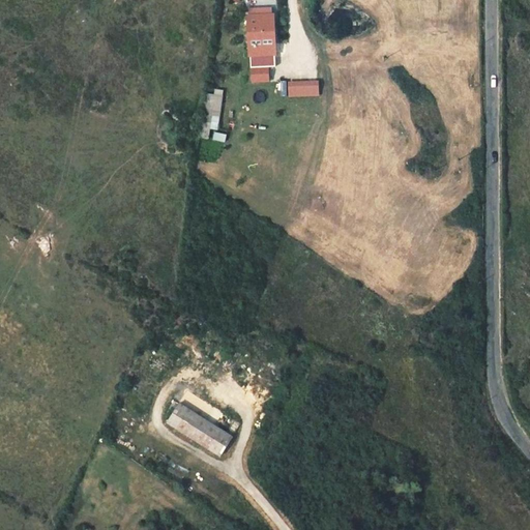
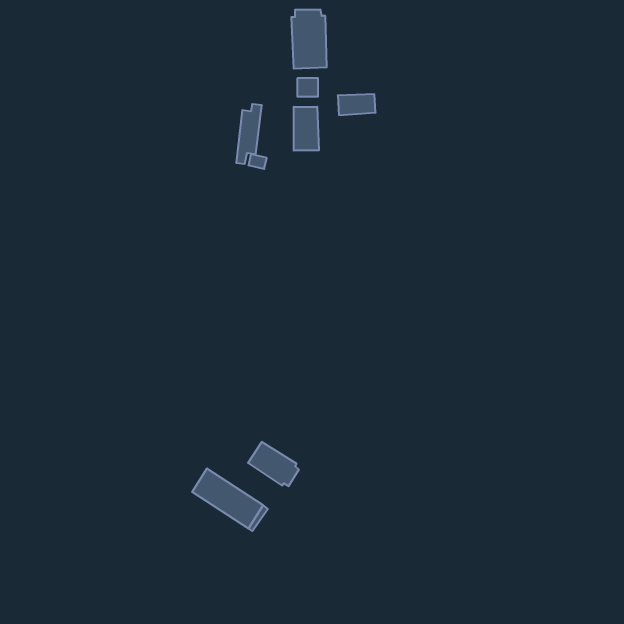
building: none -> [294,107,319,151]
building: none -> [248,442,299,486]

